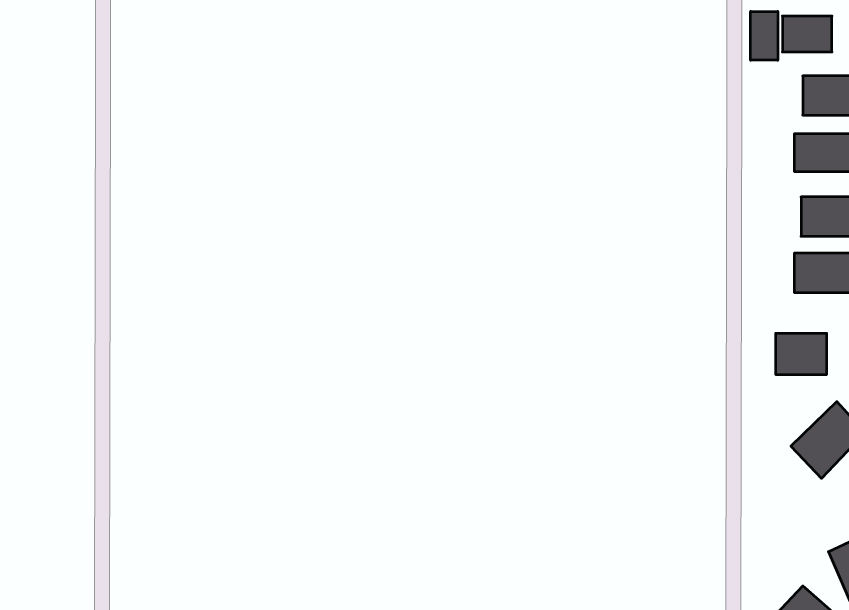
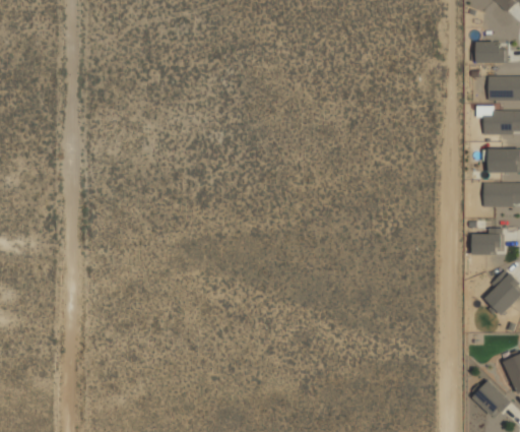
building: [751,11,778,60] -> none

